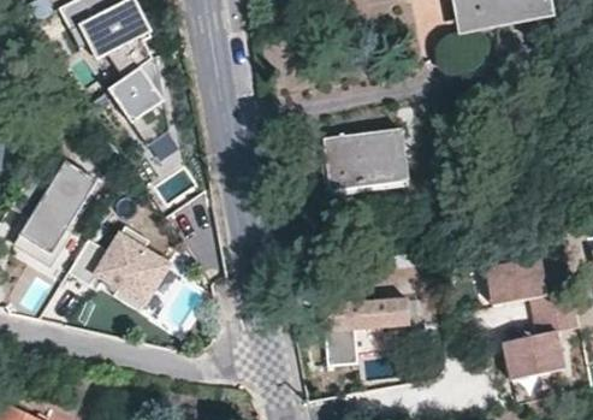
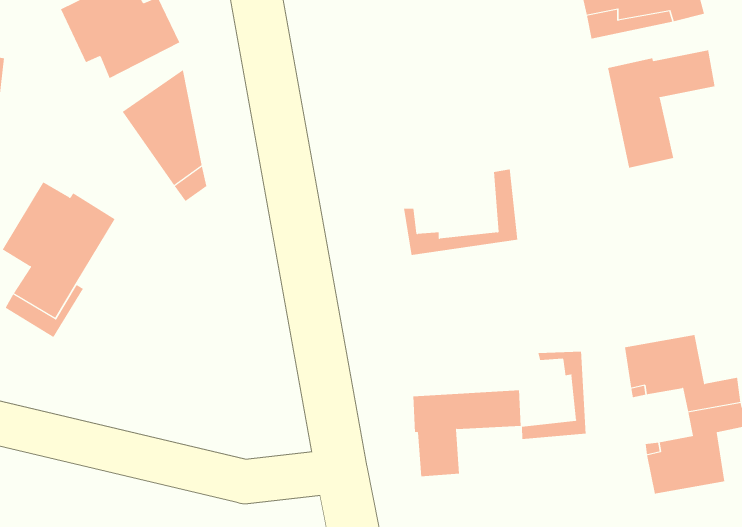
building: none -> [608,49,715,168]
building: [325,134,392,184] -> none
building: [69,225,167,310] -> none
building: none -> [521,351,586,440]

